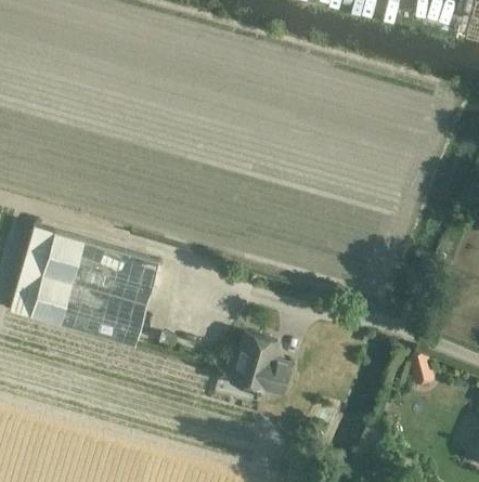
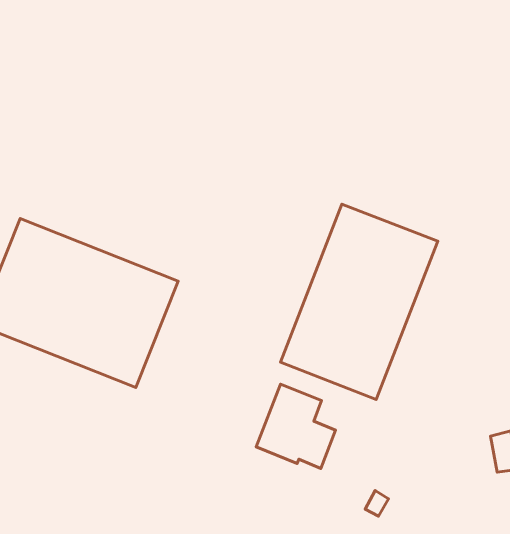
building: none -> [280,204,438,399]

